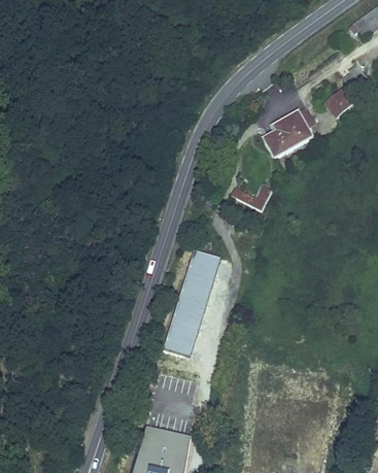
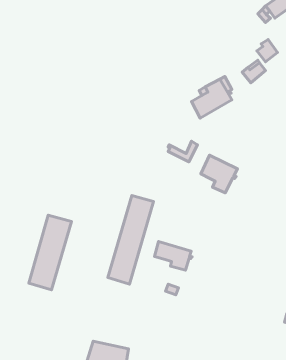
building: none -> [201,155,237,193]
building: none -> [29,215,72,290]
building: none -> [155,242,192,270]

